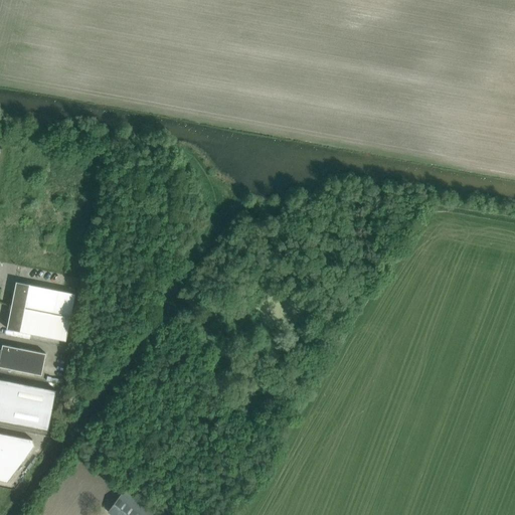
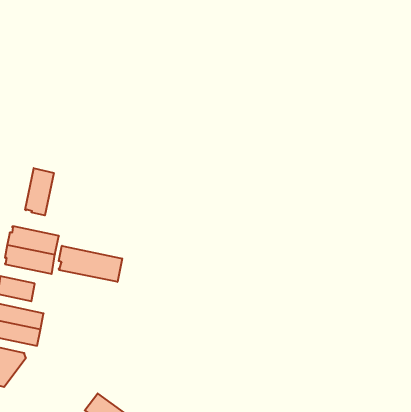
building: none -> [25,168,54,215]
building: none -> [59,246,122,282]

